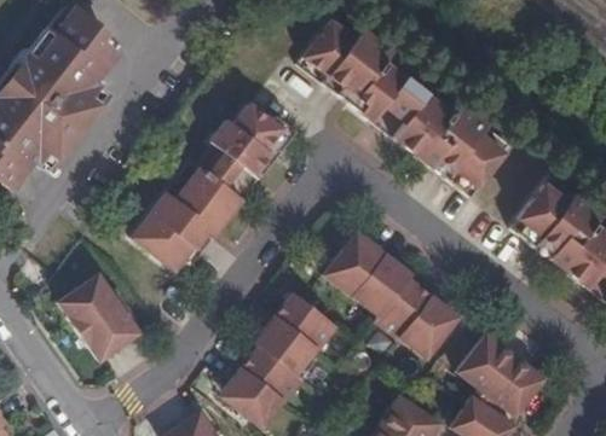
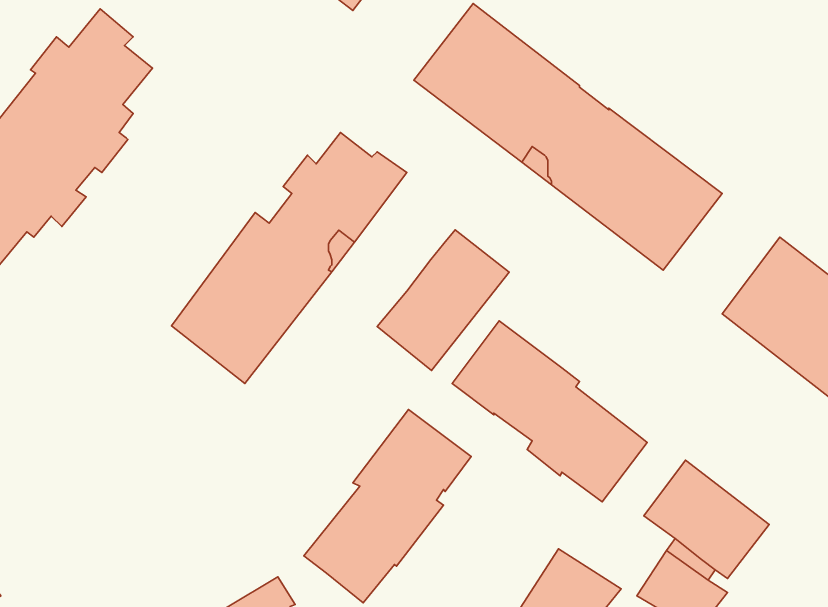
building: none -> [377,230,509,371]
building: [56,273,137,359] -> none

